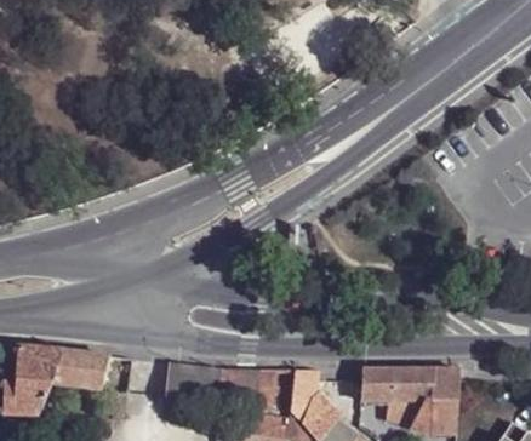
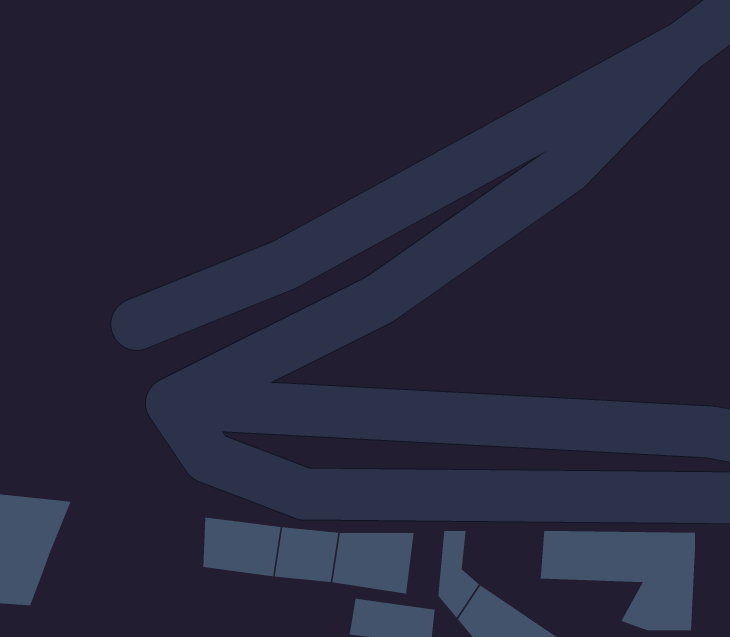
building: [50,350,110,393] -> none

